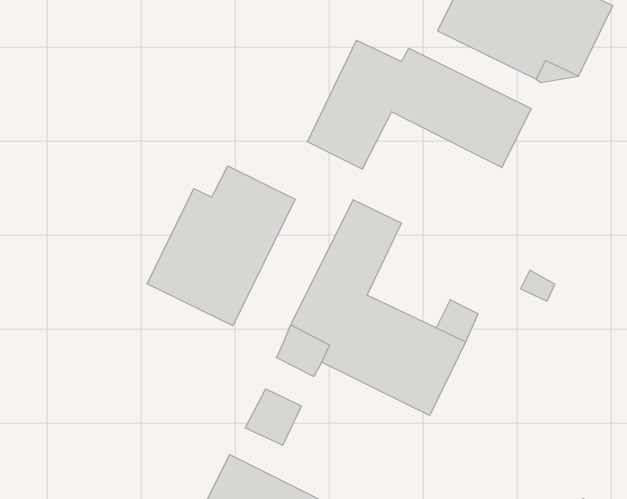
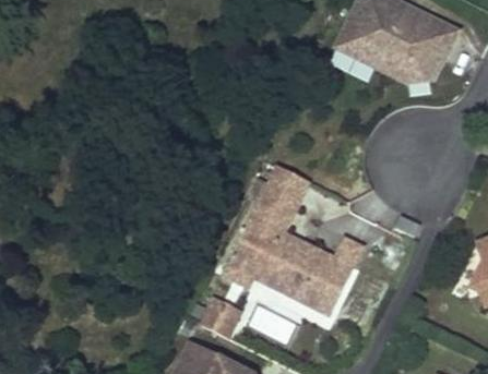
building: [307,40,531,169] -> none
building: [147,166,295,326] -> none

